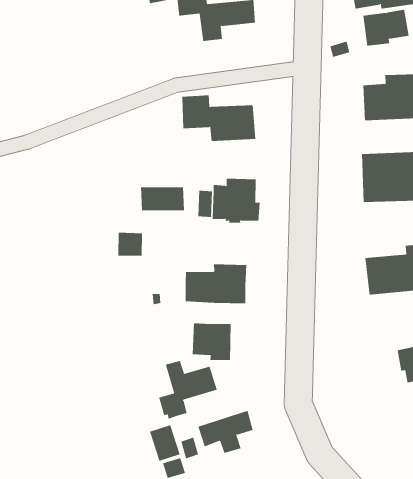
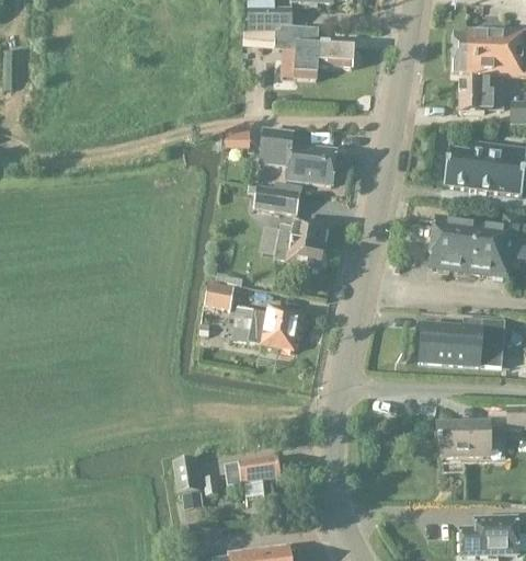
building: [140,187,185,211] -> [253,183,300,215]
building: [117,232,143,256] -> [206,280,236,309]
building: [192,322,231,361] -> none
building: [158,360,218,419] -> none

